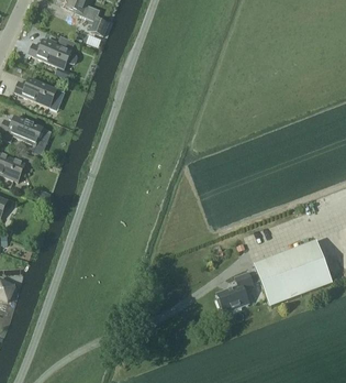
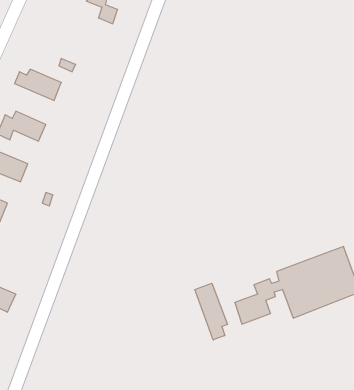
building: [29,39,78,68] -> none
building: none -> [195,283,227,340]

